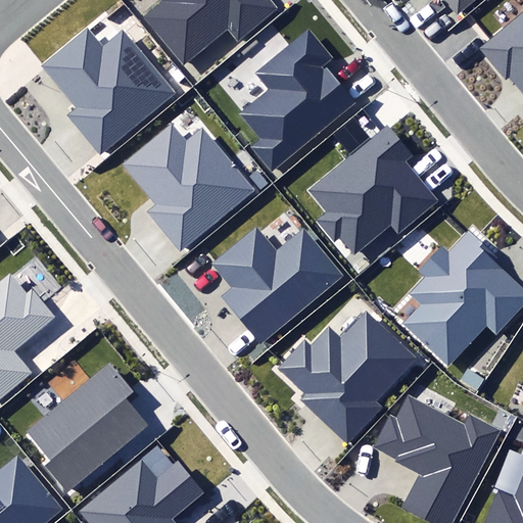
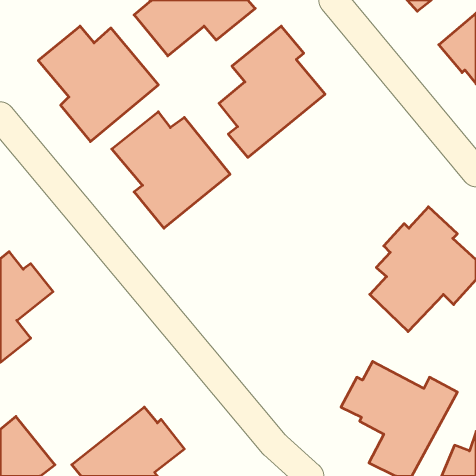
building: [310,127,438,255] -> none
building: [211,225,344,342] -> none
building: [278,311,419,446] -> none
building: [26,363,148,491] -> none

